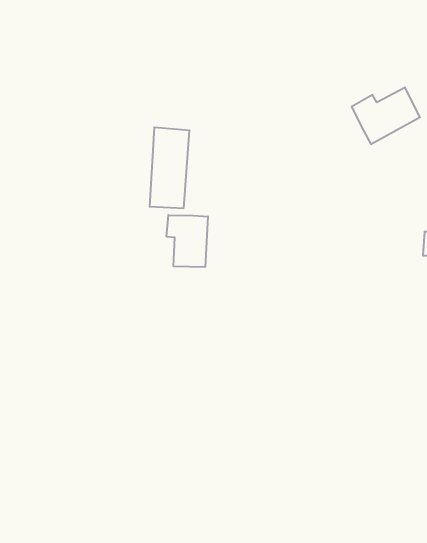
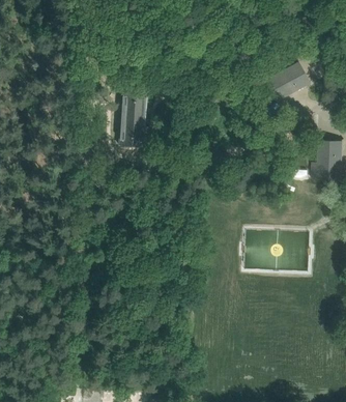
building: [167,215,208,267] -> none

